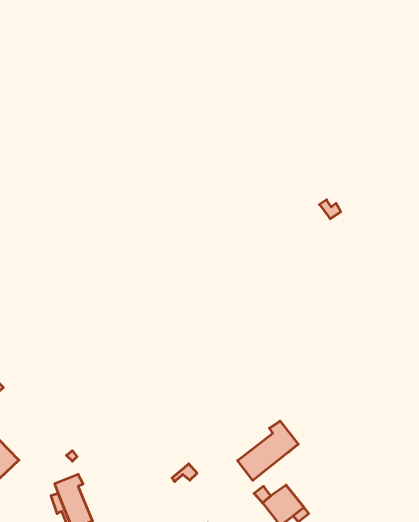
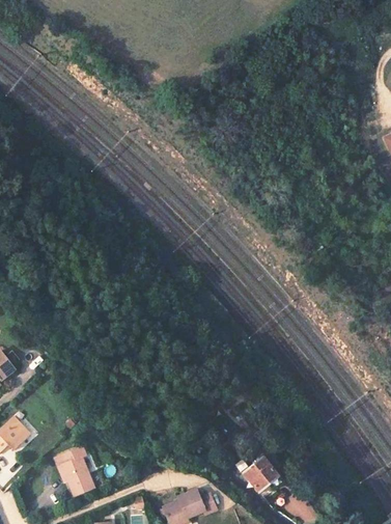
building: [238,421,298,480] -> none

